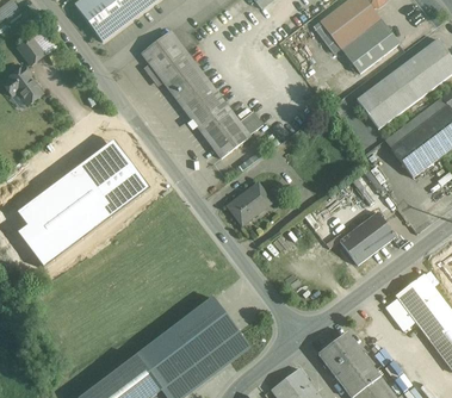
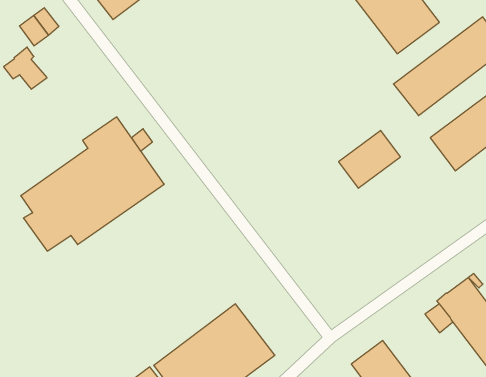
building: [141,31,262,157] -> none
building: [228,182,272,224] -> none
building: [340,212,396,265] -> [339,130,400,188]

